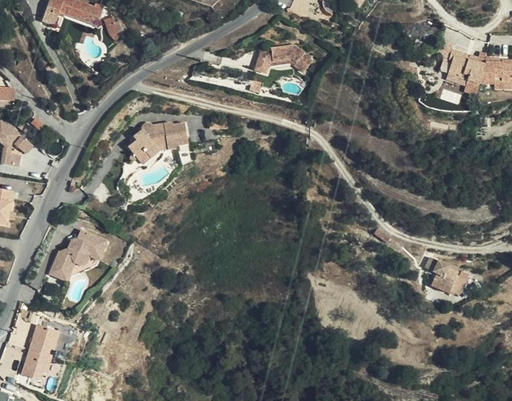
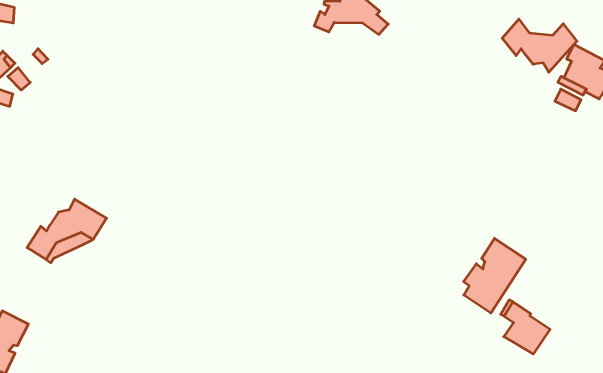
building: none -> [502,19,577,72]
building: [130,122,187,157] -> none
building: none -> [464,238,526,313]

